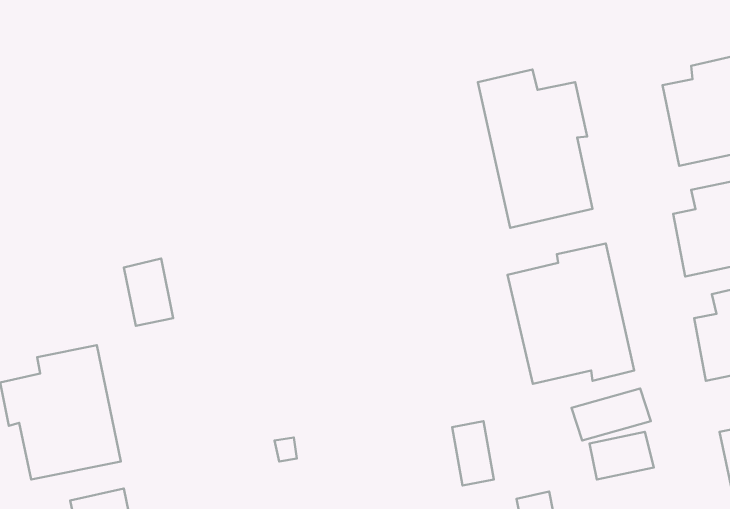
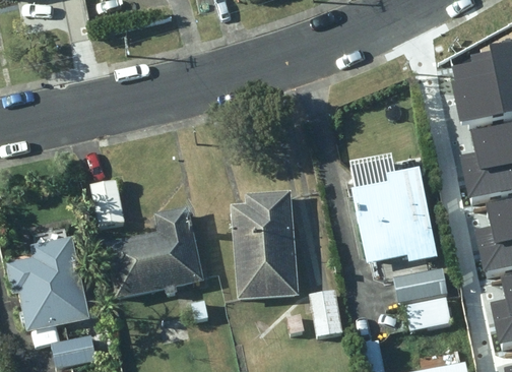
building: [478,69,593,228] -> none
building: none -> [231,190,297,298]
building: none -> [105,206,201,298]

